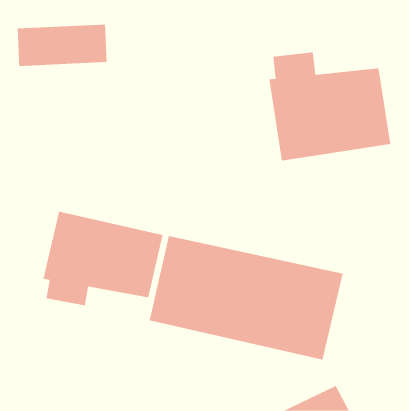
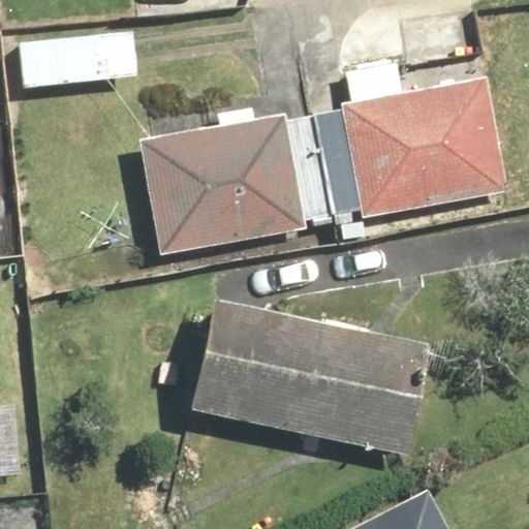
building: none -> [145,119,301,250]
building: [43,211,163,306] -> none

